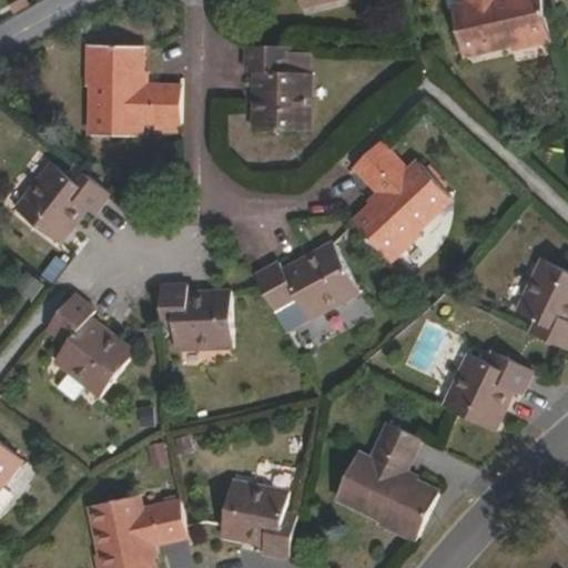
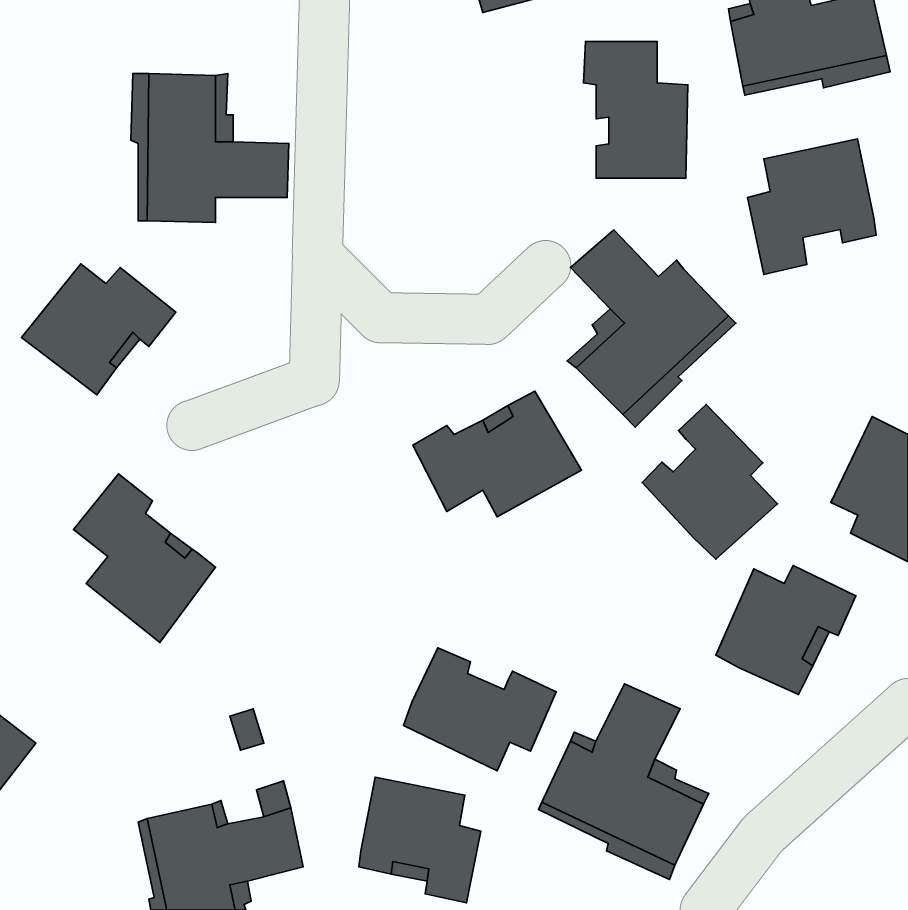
building: [244,47,308,131] -> [584,42,688,178]
building: none -> [748,139,876,274]
building: none -> [642,405,777,559]
building: [159,284,233,349] -> none
building: none -> [403,648,556,771]

